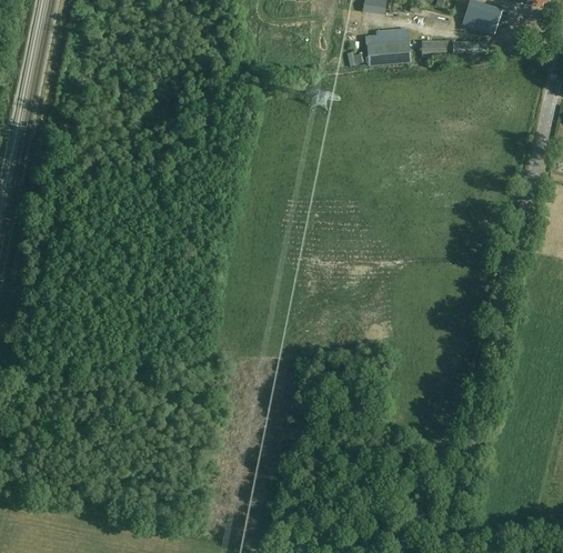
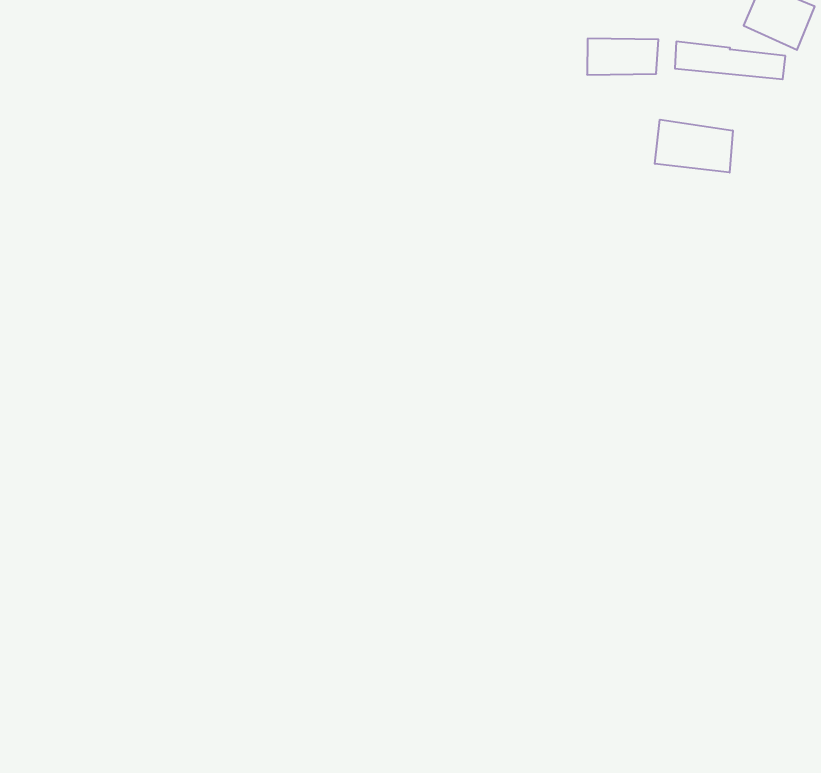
building: none -> [655,120,733,173]

